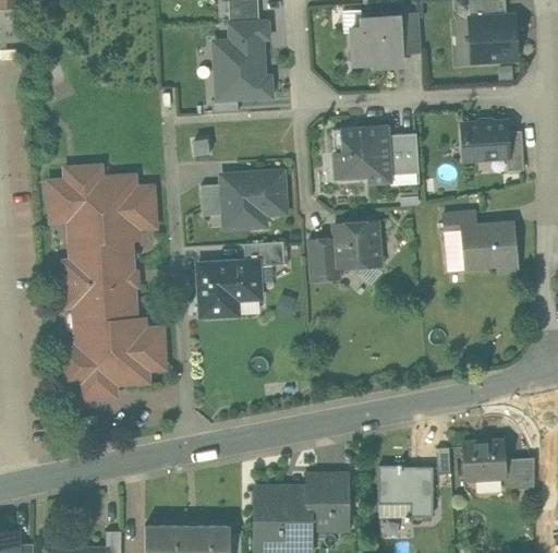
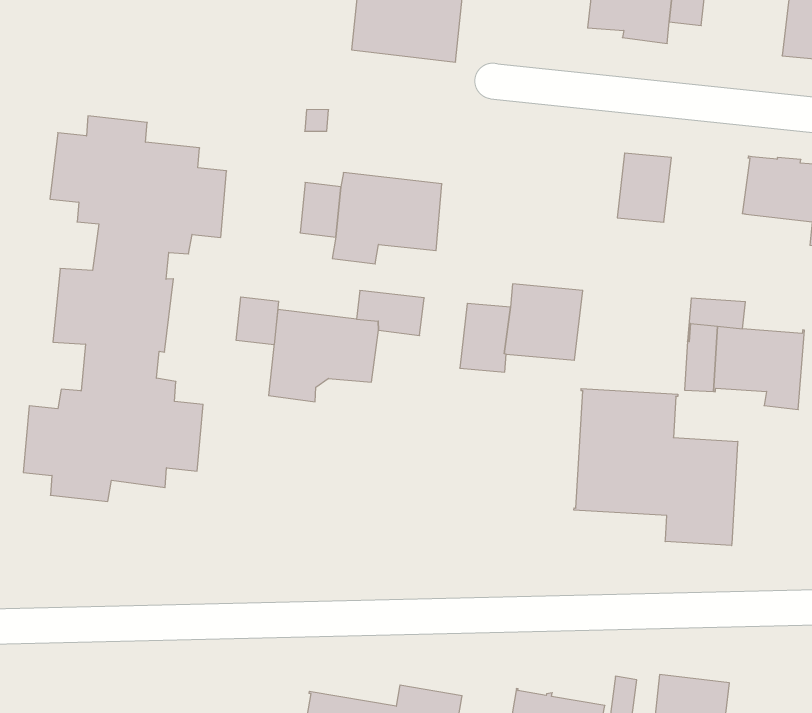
building: [332,127,390,182] -> none
building: none -> [236,297,279,345]
building: none -> [574,389,738,546]

